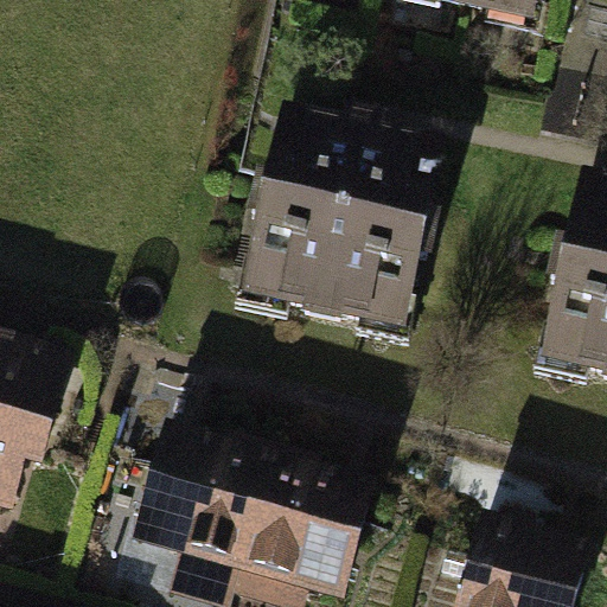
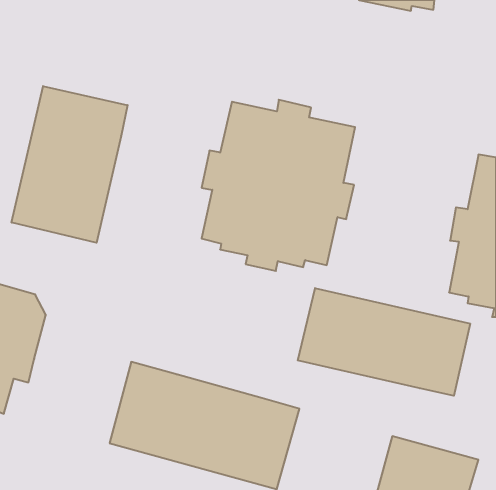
building: none -> [12,86,128,243]
building: none -> [298,288,470,396]

